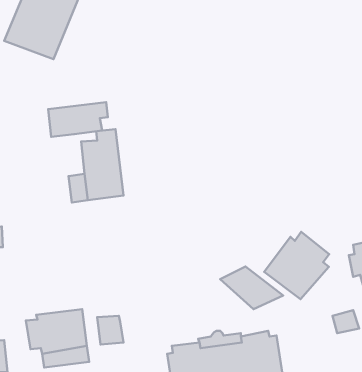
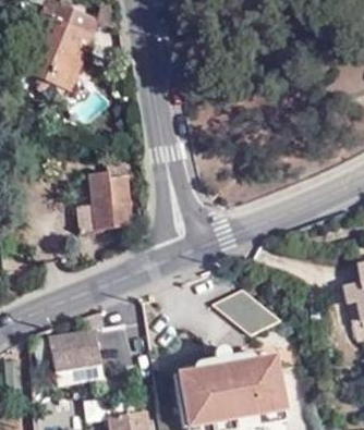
building: [48,102,108,137] -> none
building: [264,232,329,299] -> none

